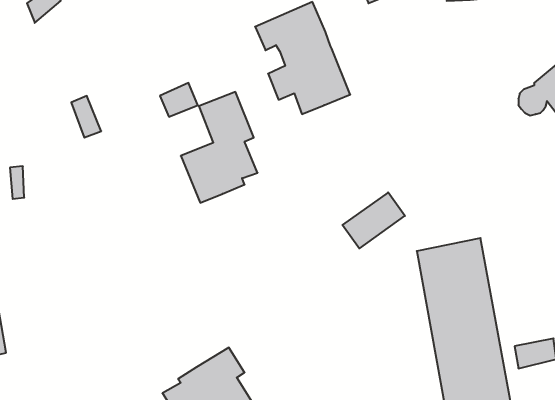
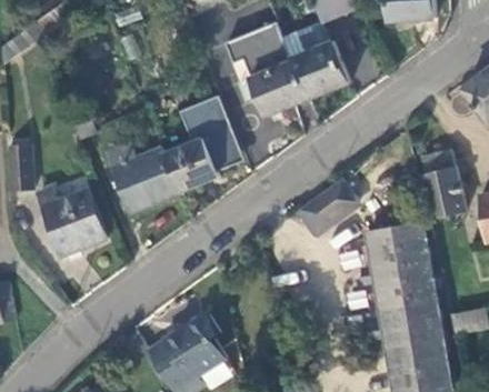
building: none -> [292,41,349,99]
building: none -> [108,142,181,211]
building: none -> [422,148,463,218]
building: none -> [37,187,107,255]

